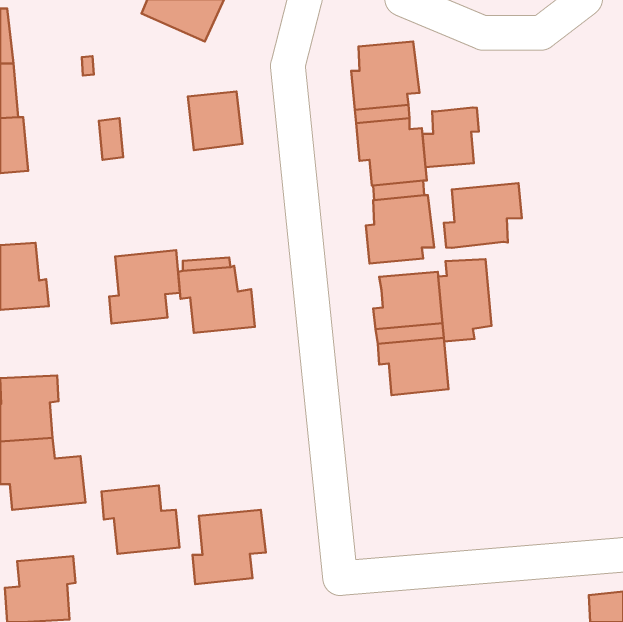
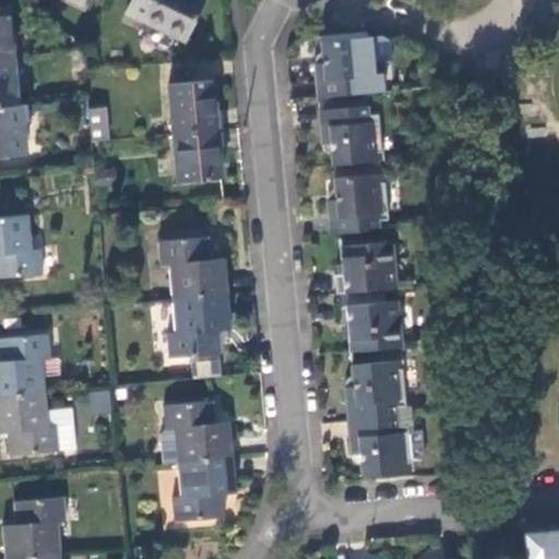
building: [422,107,479,167] -> none
building: none -> [174,129,222,182]
building: [444,183,522,248] -> none
building: [109,250,180,323] -> [168,293,231,358]
building: [438,259,492,342] -> none
building: none -> [346,362,413,477]
building: [102,485,180,554] -> [164,401,234,462]

